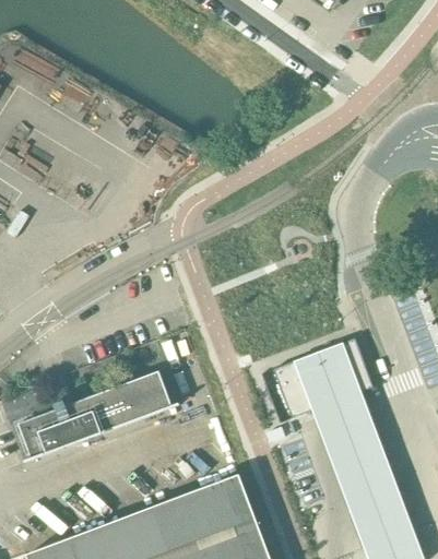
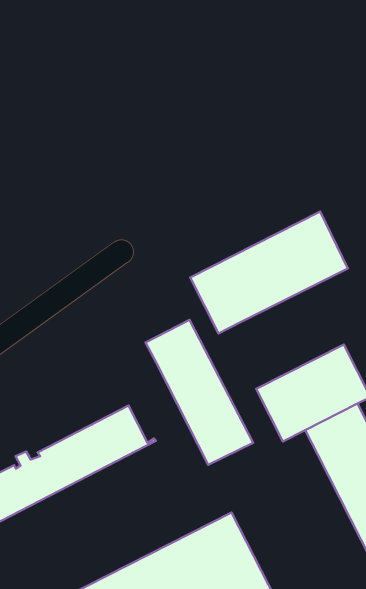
building: none -> [190,212,348,334]
building: none -> [146,320,253,465]

